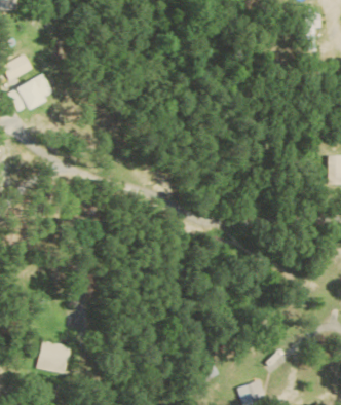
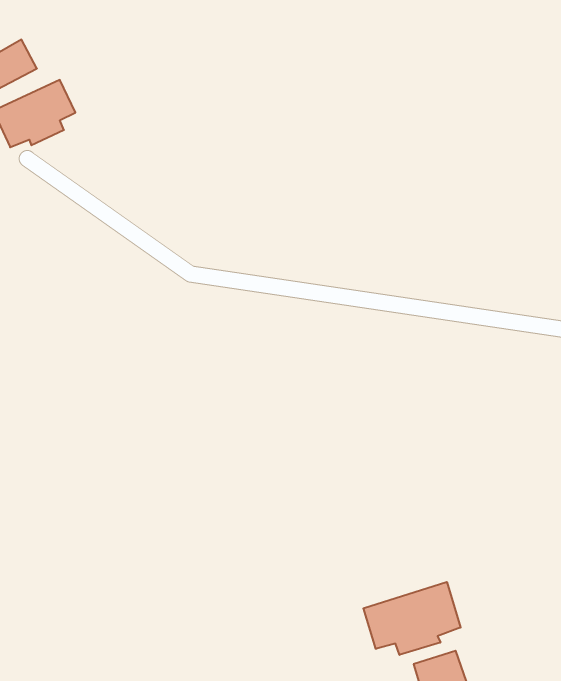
building: [38,341,68,372] -> none
building: none -> [363,582,461,655]

